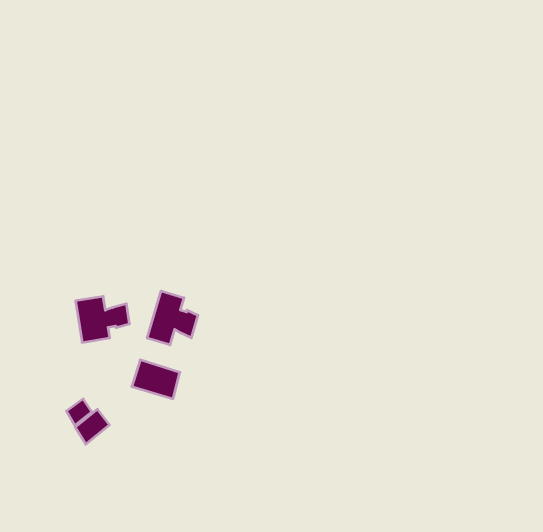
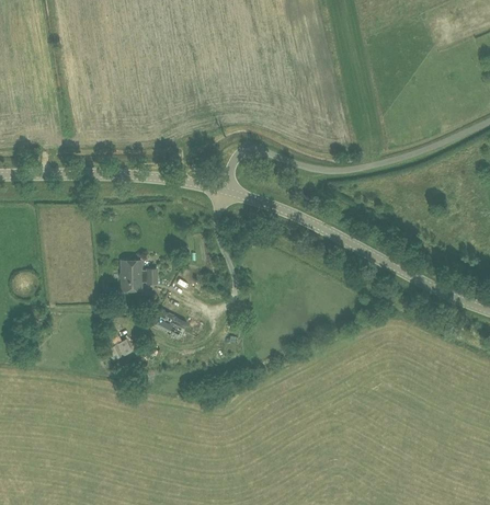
building: [147,291,198,345] -> none

